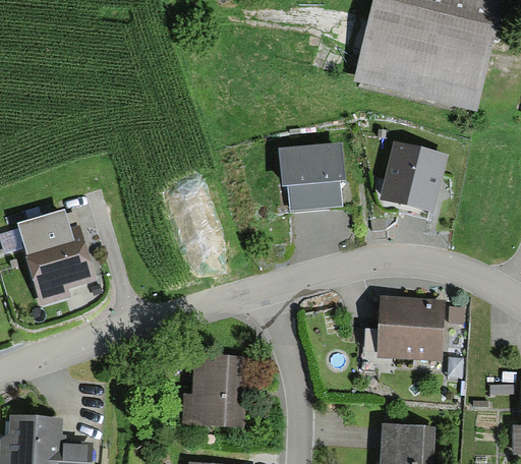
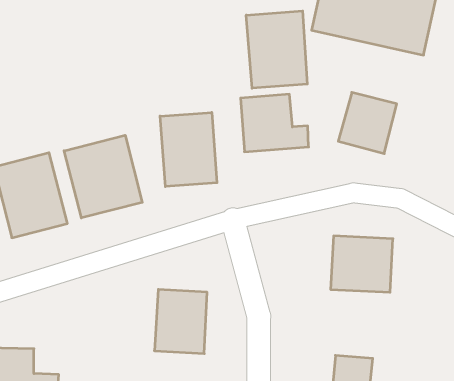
building: none -> [246,11,307,88]
building: none -> [160,112,217,187]
building: none -> [64,135,142,218]

